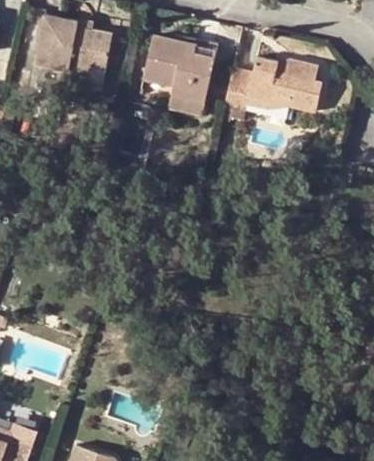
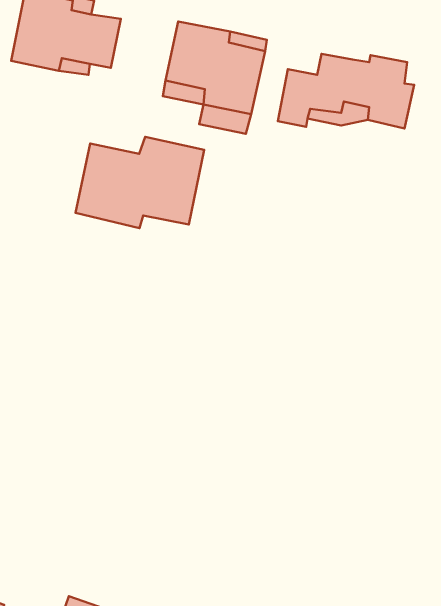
building: none -> [75,137,204,228]

